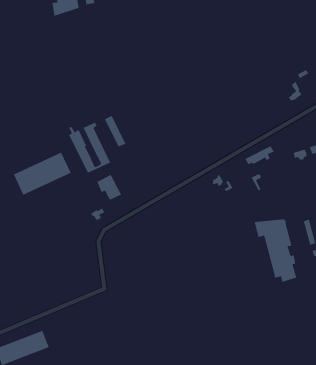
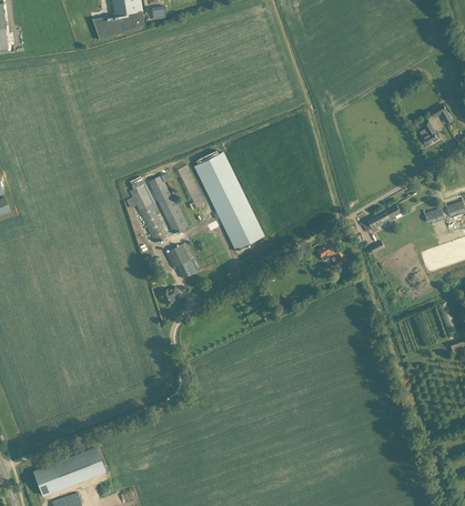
building: none -> [193,150,263,249]
building: [13,151,72,196] -> none
building: [254,219,297,283] -> none

